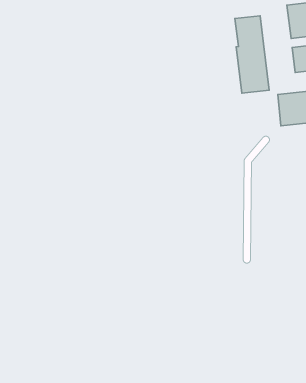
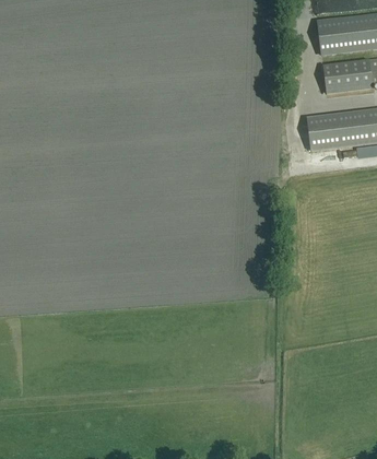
building: [235,16,269,93] -> none

